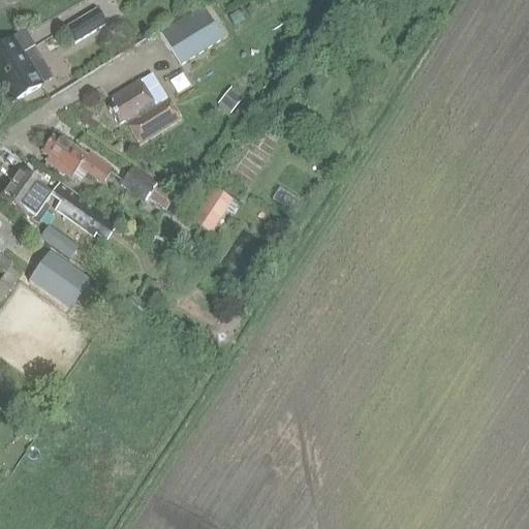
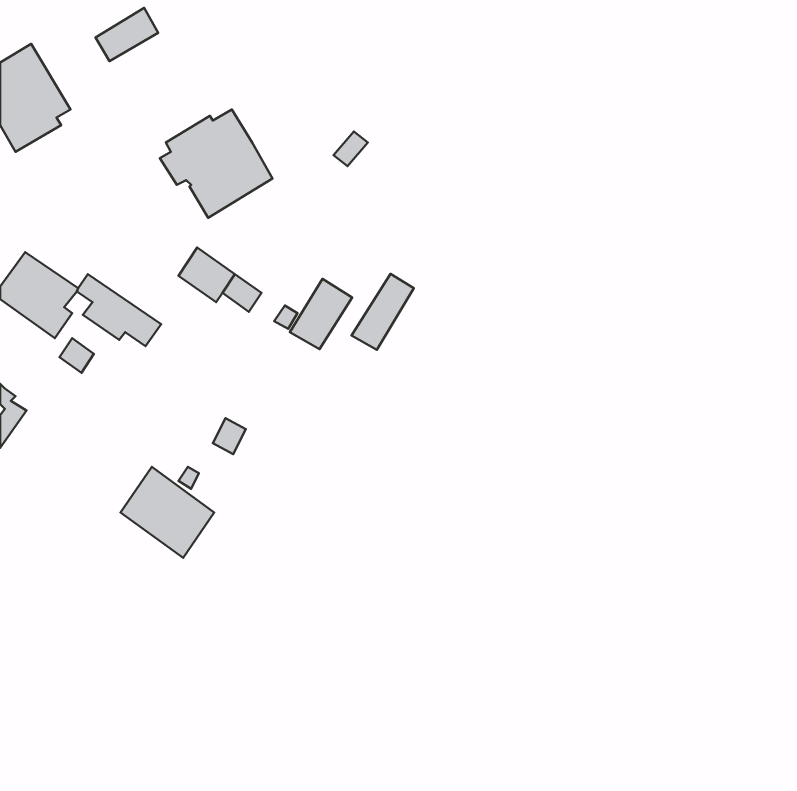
building: [161,5,223,63] -> none
building: [41,134,112,183] -> none
building: none -> [352,274,414,350]
building: [30,249,92,309] -> [120,467,214,558]

